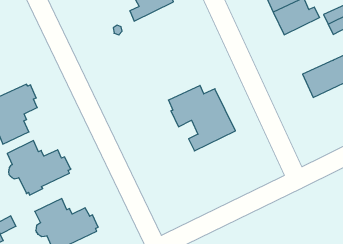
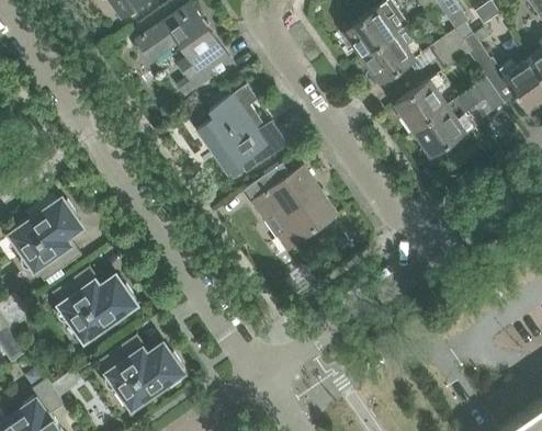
building: none -> [196,84,289,174]
building: none -> [394,76,448,129]

